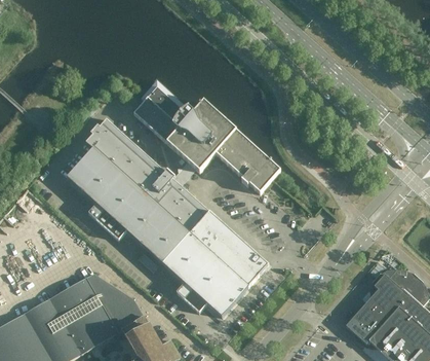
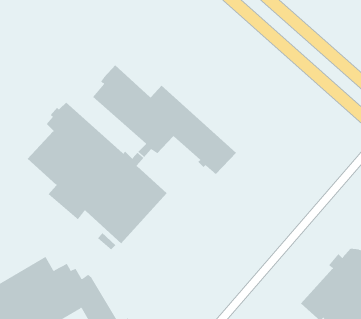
building: [162,212,268,317] -> none

